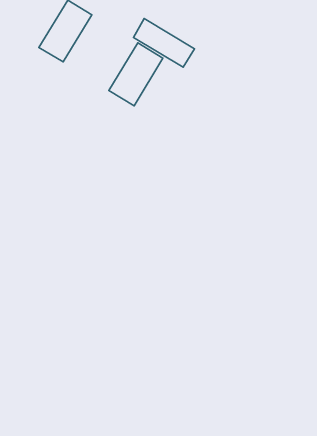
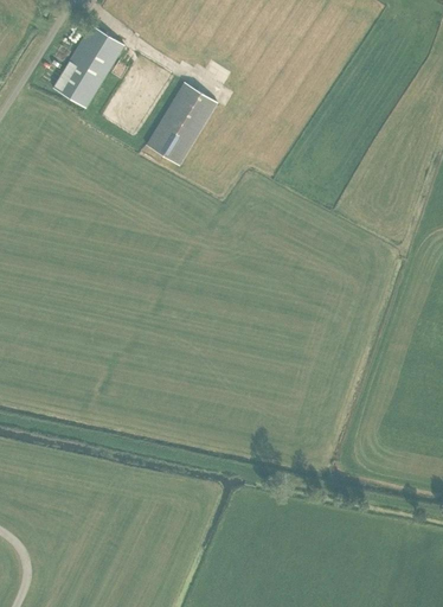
building: [133,18,195,67] -> none

